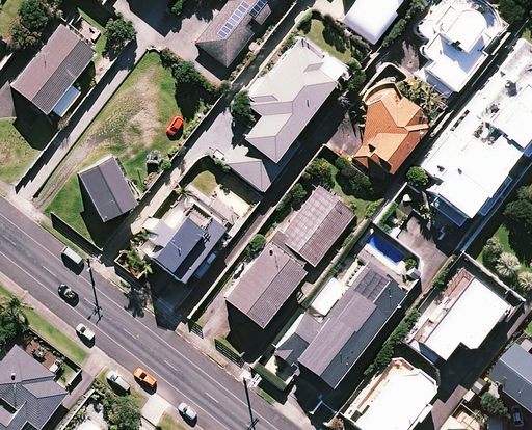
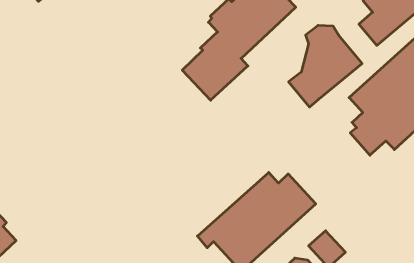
building: [80,157,136,220] -> none
building: [225,187,356,326] -> none
building: [150,192,228,280] -> none
building: [438,283,502,346] -> none

